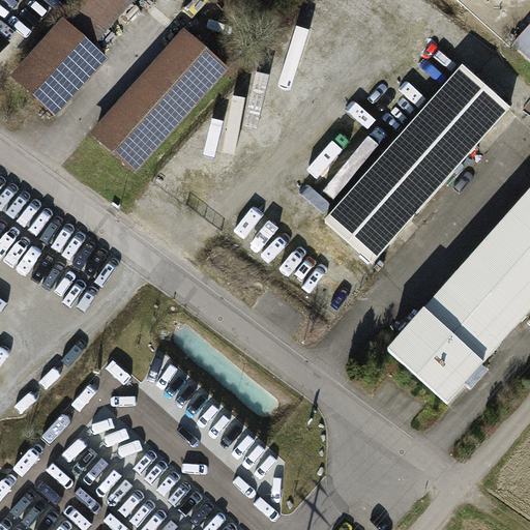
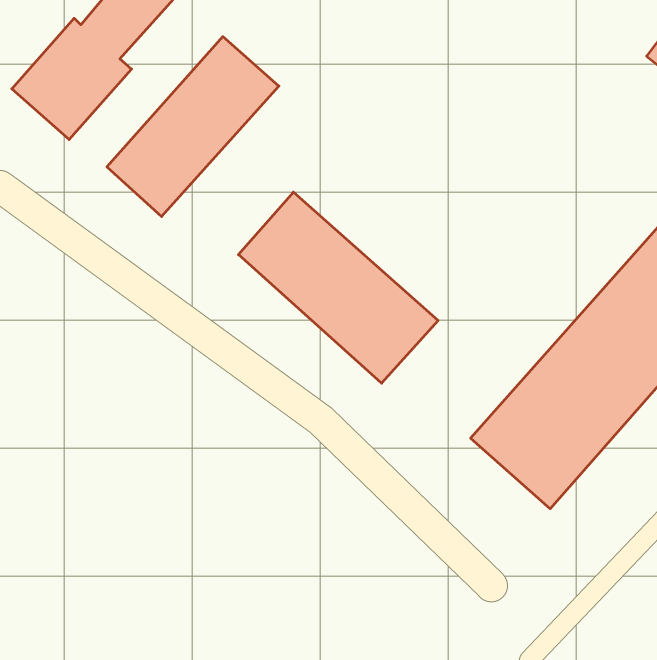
building: [323,61,513,263] -> none
building: none -> [238,192,438,383]

